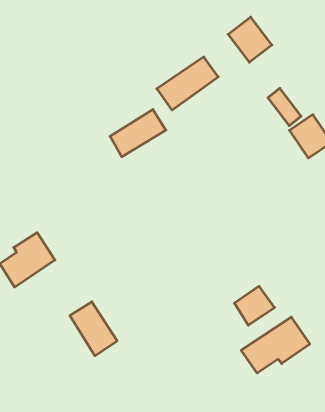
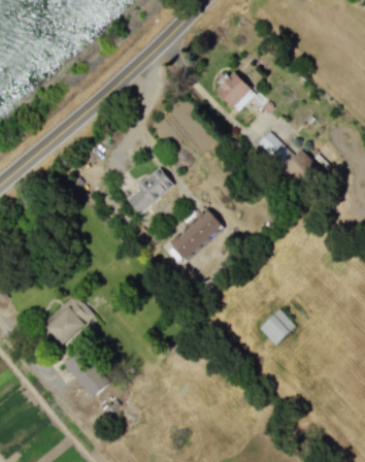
building: [157,57,218,110] -> [169,208,222,260]
building: [70,302,117,356] -> [64,350,109,397]
building: [241,317,310,373] -> none

